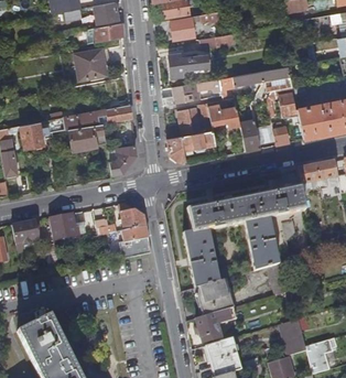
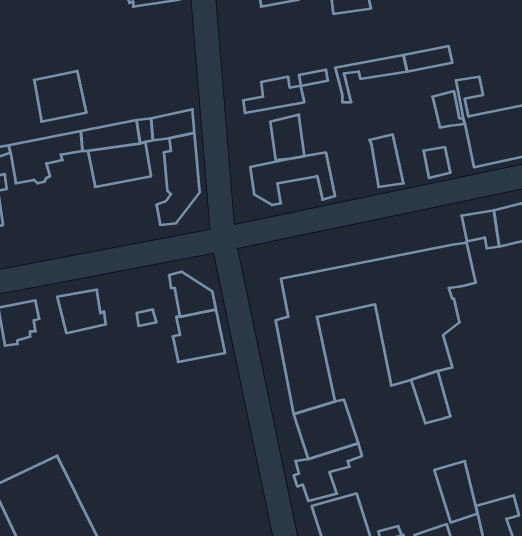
building: [76,47,108,78] -> [34,71,86,122]
building: [170,53,209,78] -> none
building: [208,99,241,126] -> none

